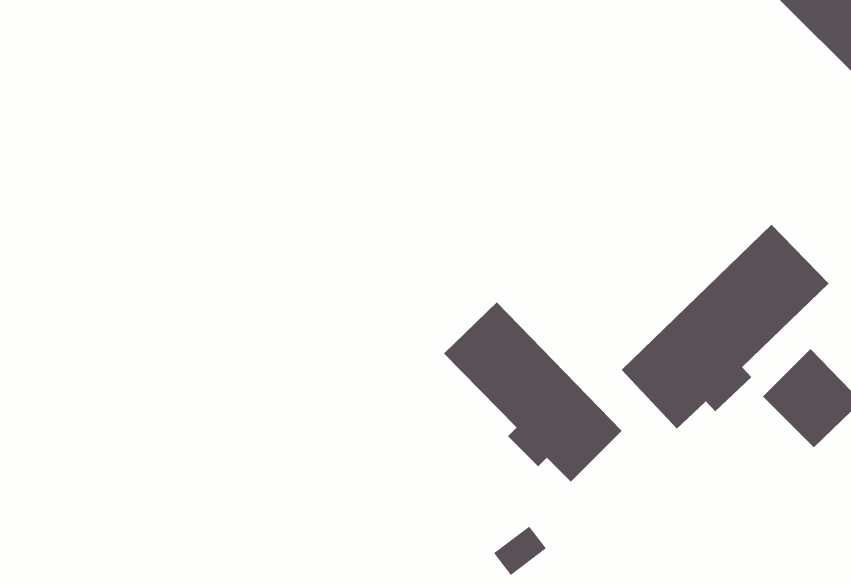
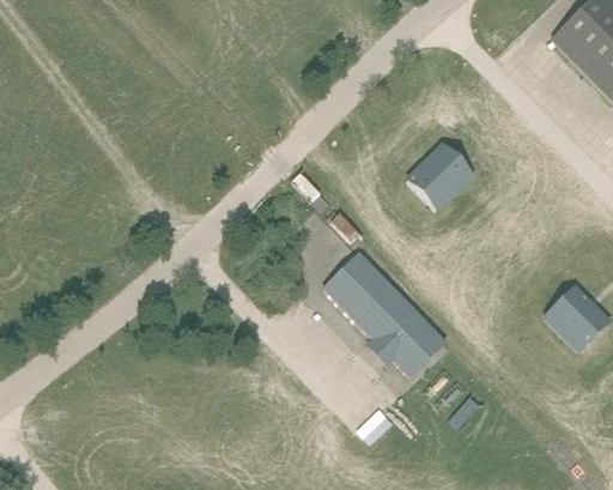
building: none -> [403,140,474,211]
building: [621,224,830,429] -> none

